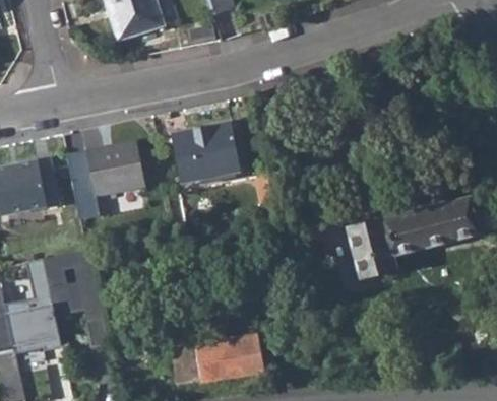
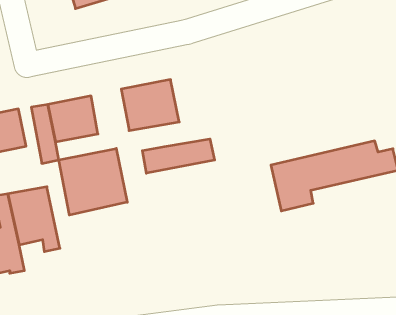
building: none -> [142,139,215,173]
building: none -> [59,148,127,215]
building: [169,334,259,382] -> none

